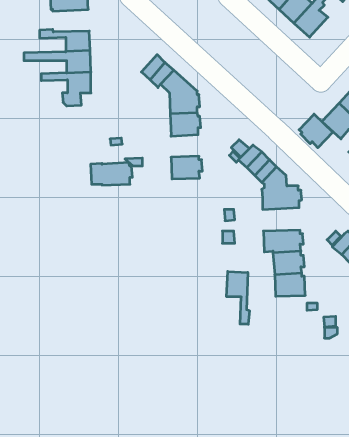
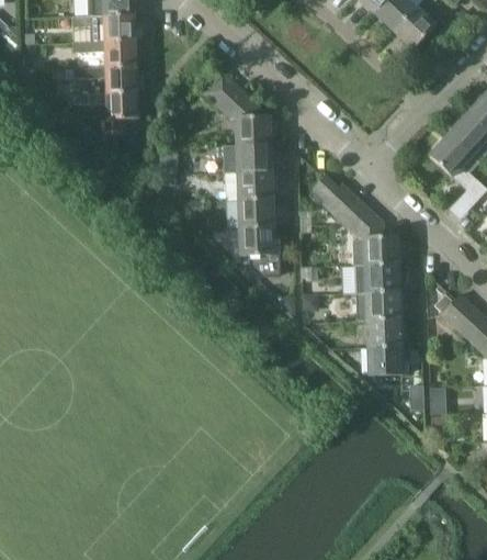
building: none -> [70,12,134,41]
building: [299,114,333,148] -> none
building: [91,163,132,185] -> [223,170,275,199]
building: none -> [238,225,278,275]
building: none -> [352,262,403,292]
building: [227,271,249,324] -> none

